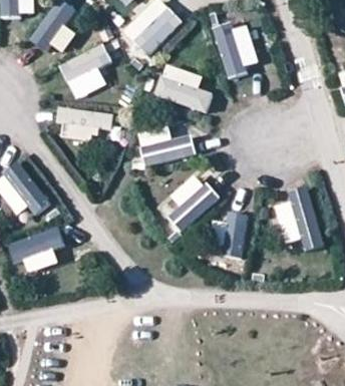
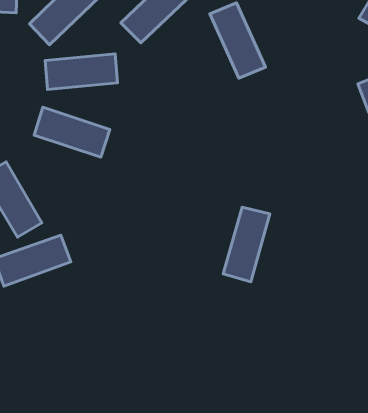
building: [156,63,225,115] -> none
building: [140,124,209,164] -> none
building: [159,168,224,230] -> none
building: [289,196,321,262] -> none

